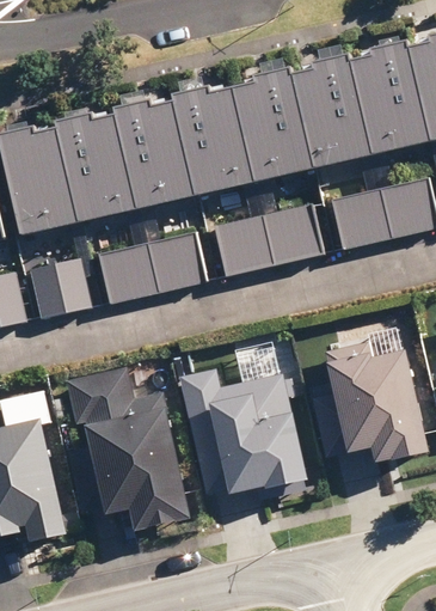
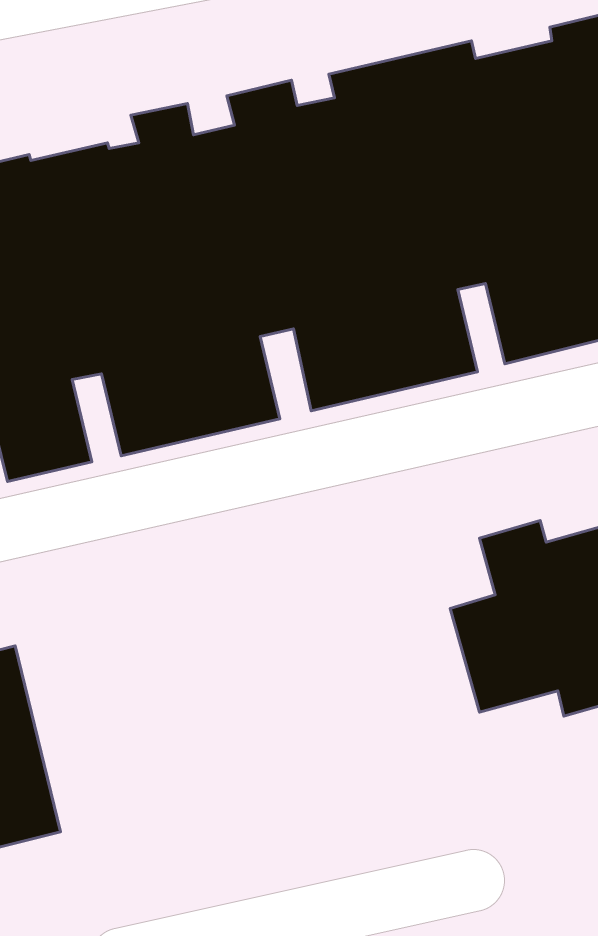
building: [66,365,195,530] -> none
building: [174,366,313,496] -> none

